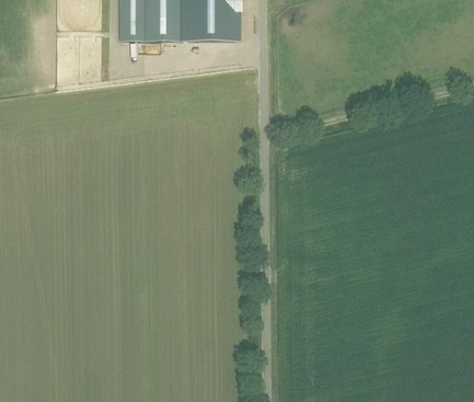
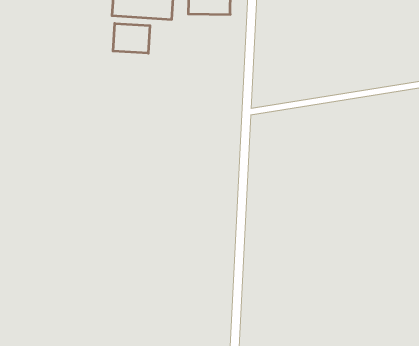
building: none -> [113,23,150,53]

